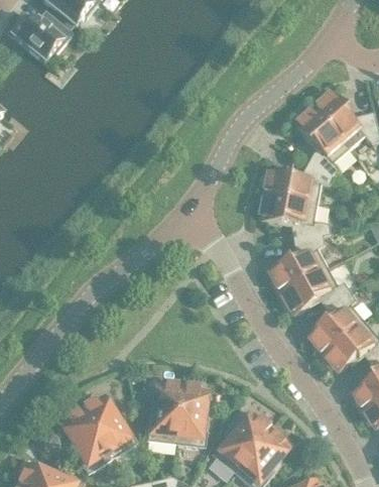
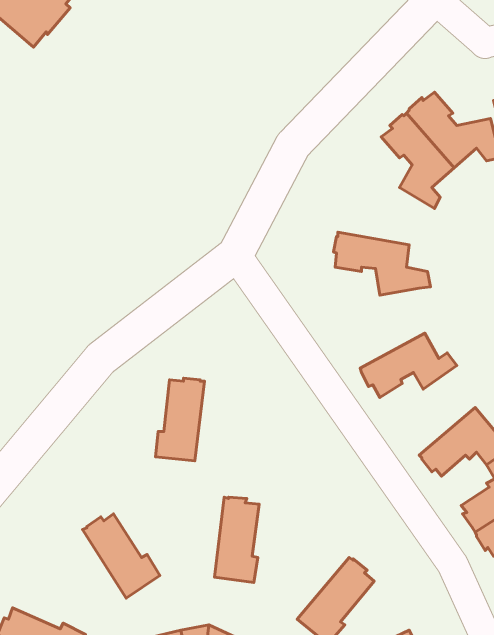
building: [263,161,333,203] -> none
building: [269,234,326,291] -> none
building: [307,289,362,354] -> none
building: [146,382,181,442] -> [155,378,204,461]
building: [60,407,111,472] -> none
building: [213,412,271,472] -> none

